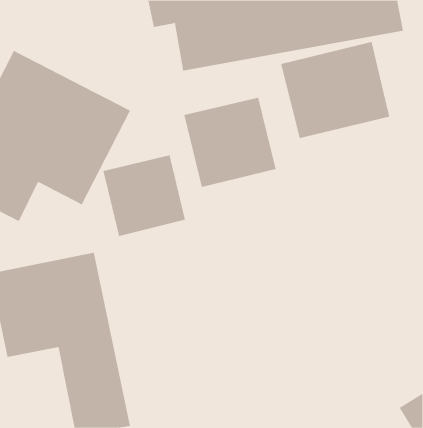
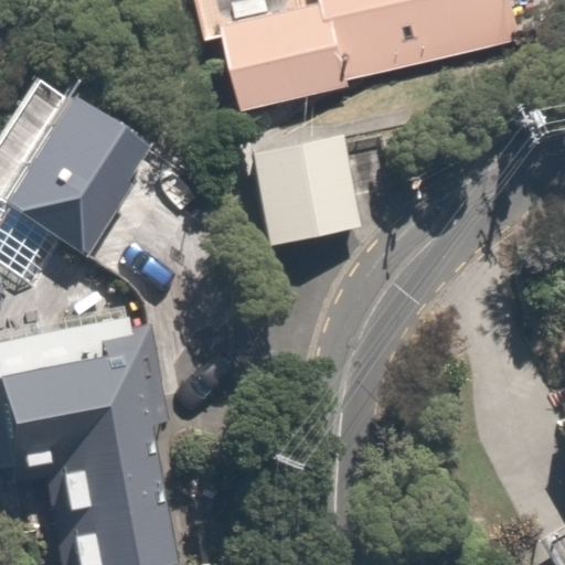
building: [280,41,390,139] -> none
building: [103,155,186,237] -> none

